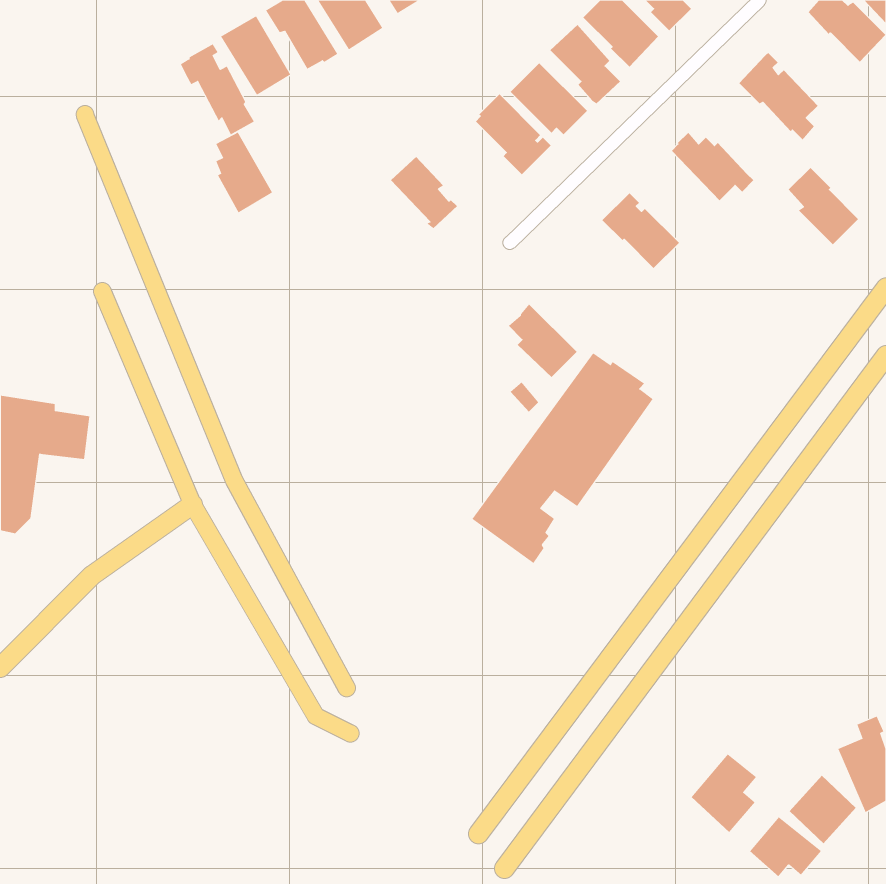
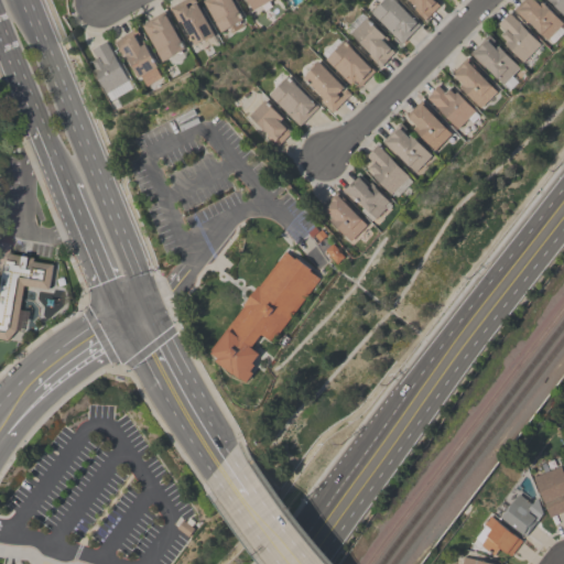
building: none -> [497,12,540,63]
building: none -> [268,76,317,127]
building: [215,132,273,213] -> [91,42,128,94]
building: none -> [405,100,451,150]
building: [788,167,859,245] -> [452,58,497,108]
building: none -> [366,144,413,197]
building: none -> [343,176,389,219]
building: [472,352,654,564] -> [207,249,323,383]
building: [691,754,757,833] -> none

